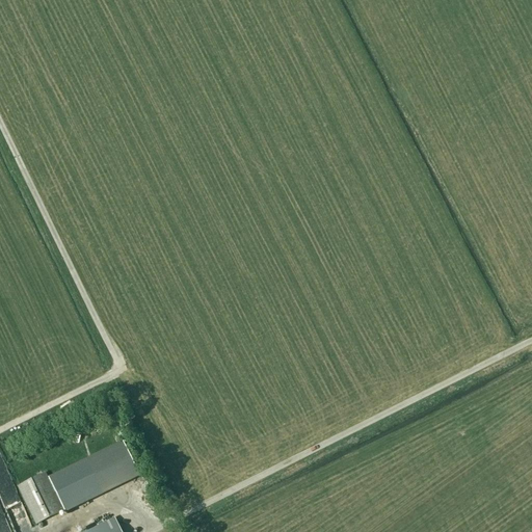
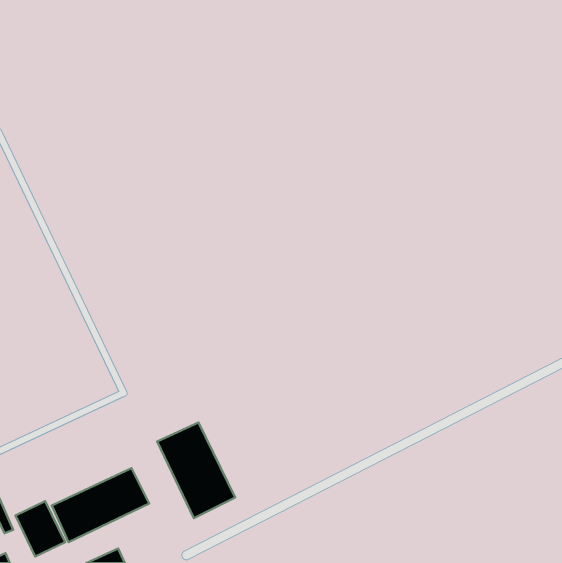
building: none -> [157,422,235,518]

